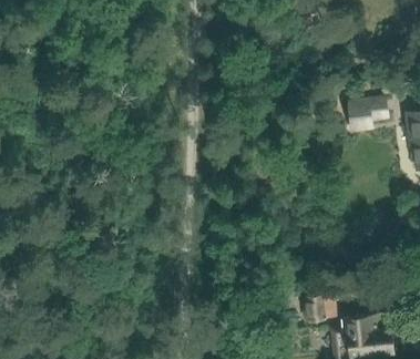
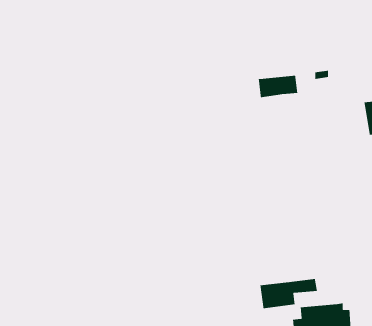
building: [349,99,389,122] -> [258,75,298,98]

